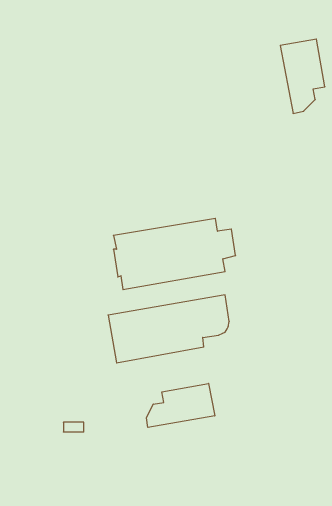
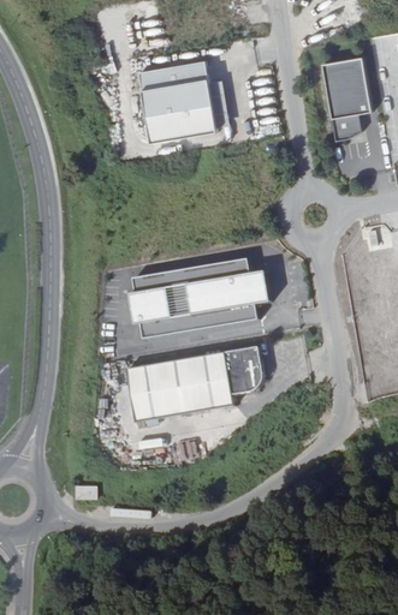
building: none -> [137,60,214,141]
building: [146,383,215,427] -> none

